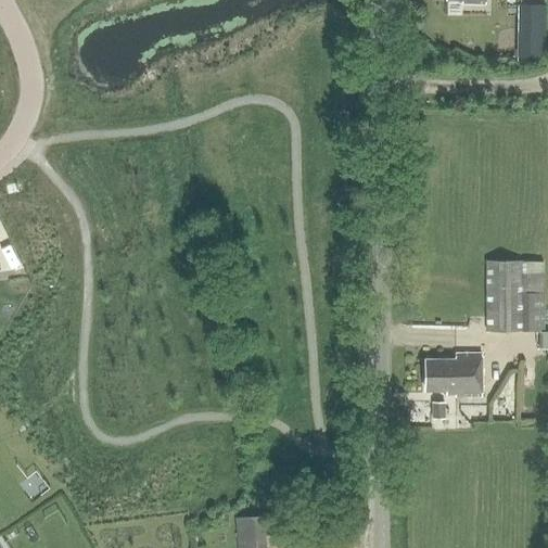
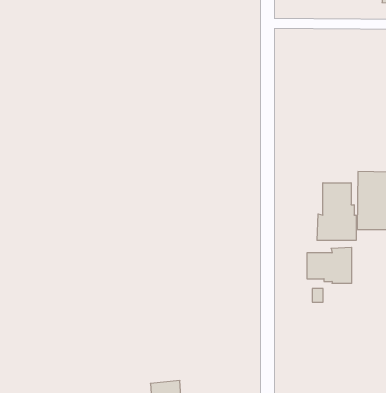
building: none -> [317,183,356,240]

